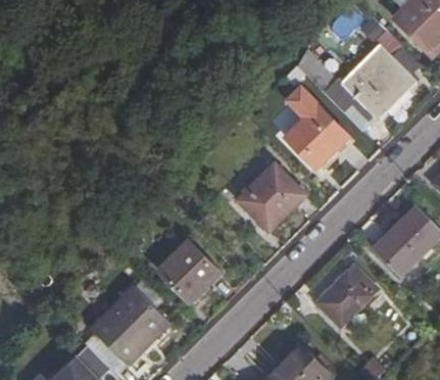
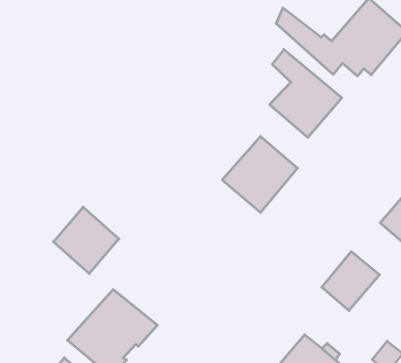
building: [160,243,218,302] -> [53,207,119,274]

